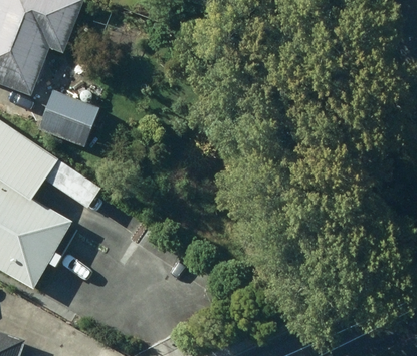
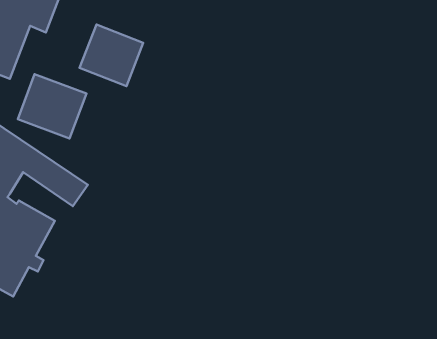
building: none -> [80,24,143,86]

